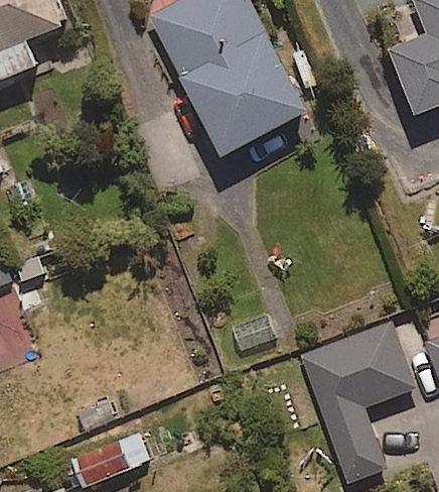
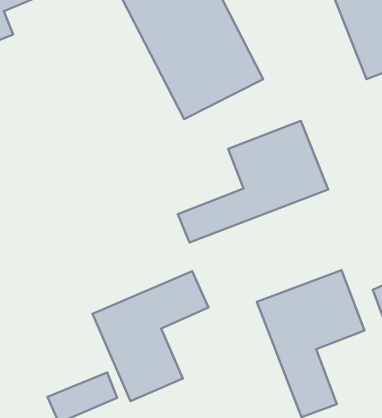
building: none -> [178,121,328,243]
building: none -> [92,271,208,401]

